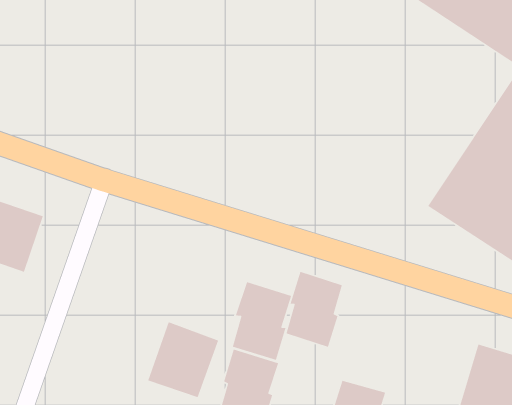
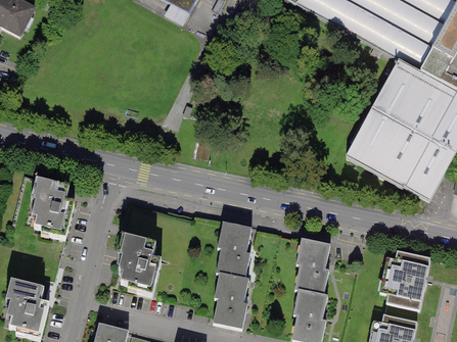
building: [285,271,343,348] -> [295,241,333,294]
building: [147,321,219,398] -> [115,239,164,292]

